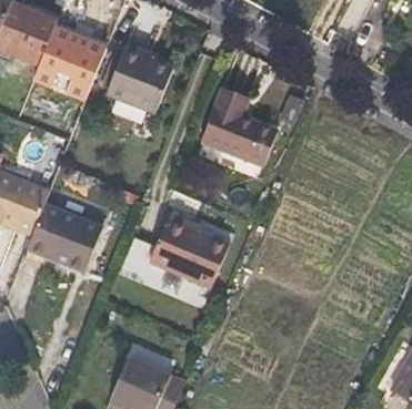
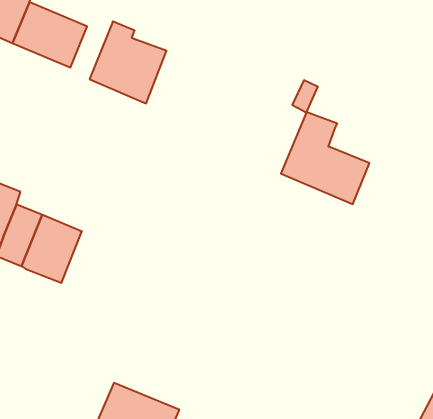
building: [199,86,275,166] -> [281,112,369,204]
building: [149,214,229,285] -> none

